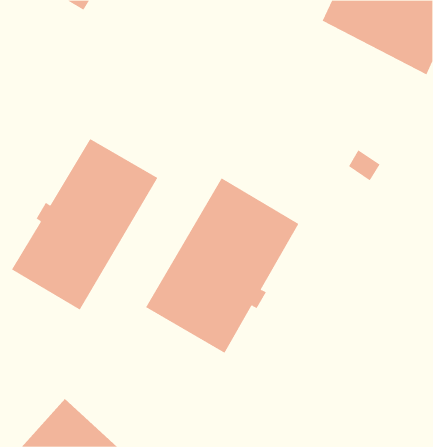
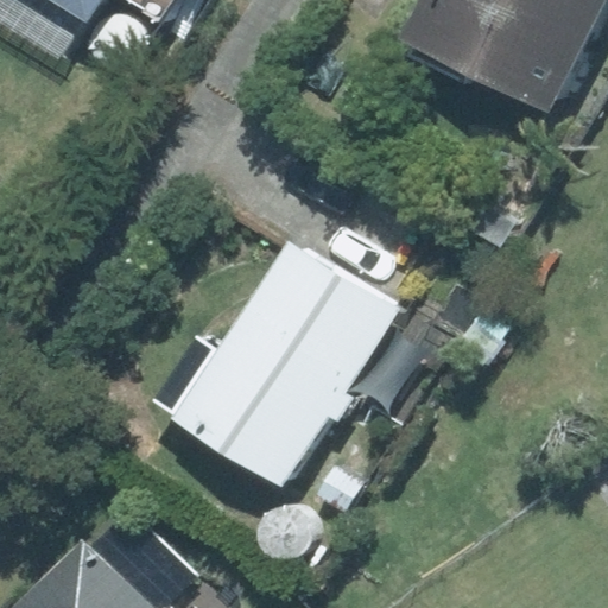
building: [11,138,158,310] -> none

